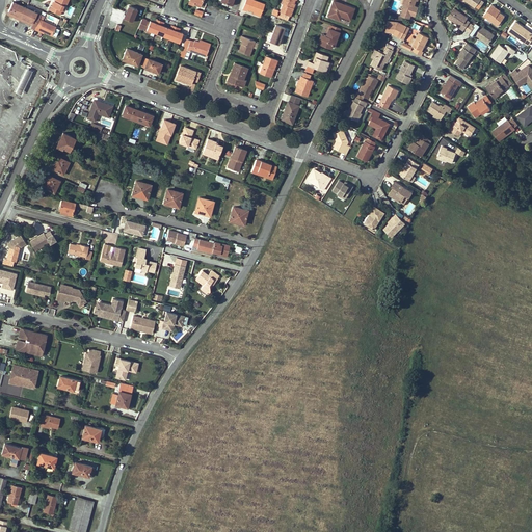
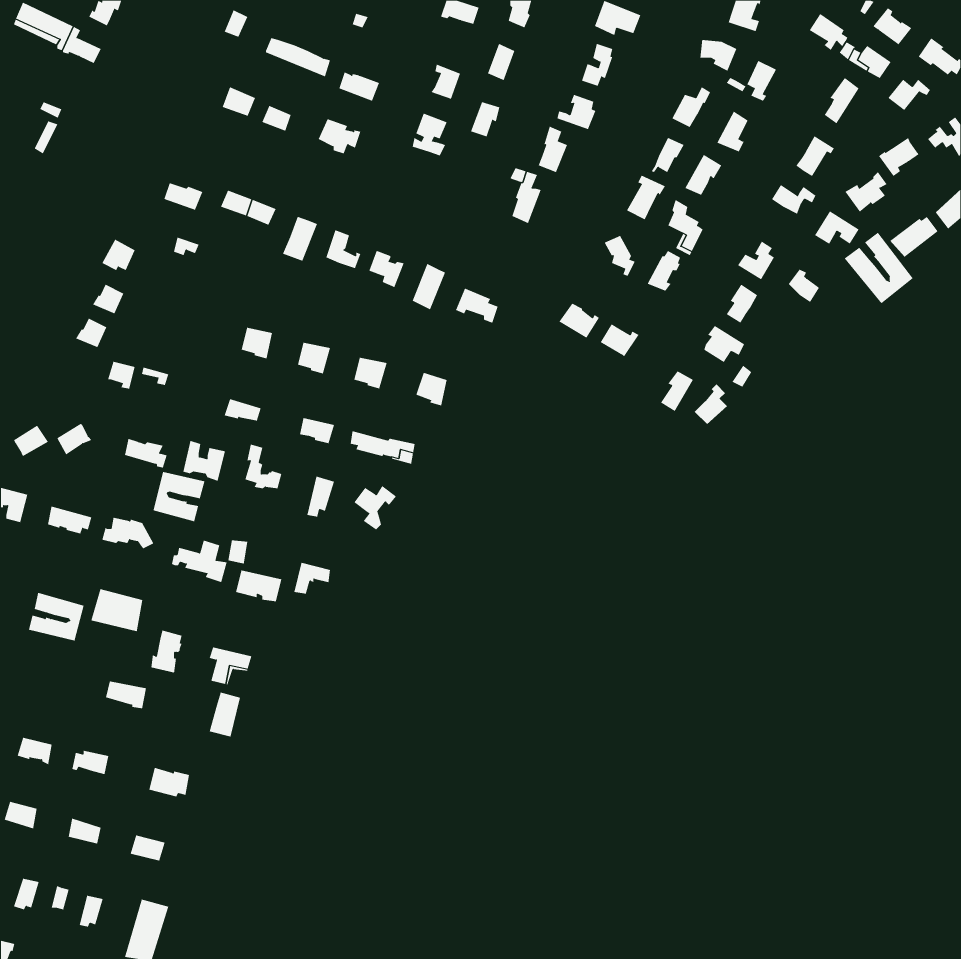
building: none -> [844,232,914,304]
building: none -> [153,471,205,522]
building: [9,366,38,390] -> [91,588,143,632]

